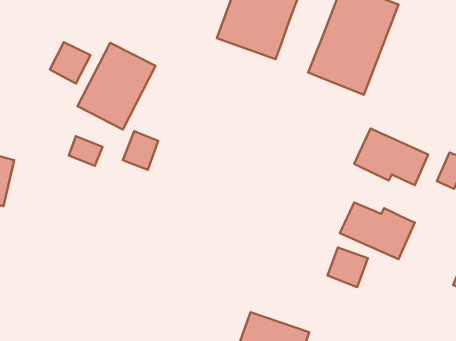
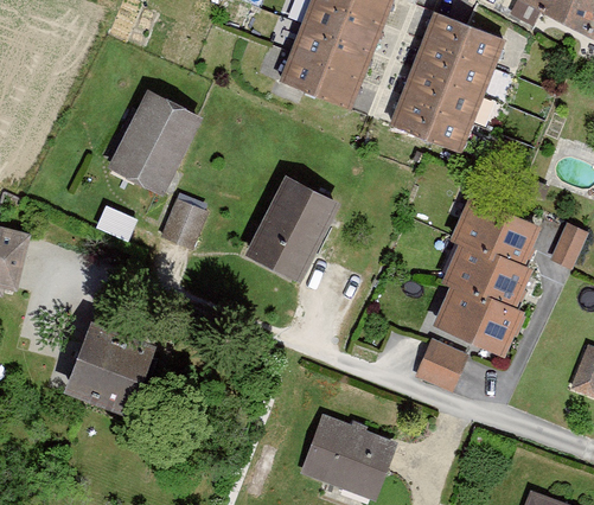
building: [50,42,90,83] -> none
building: none -> [247,174,337,277]
building: none -> [440,242,532,306]
building: none -> [62,321,159,415]

